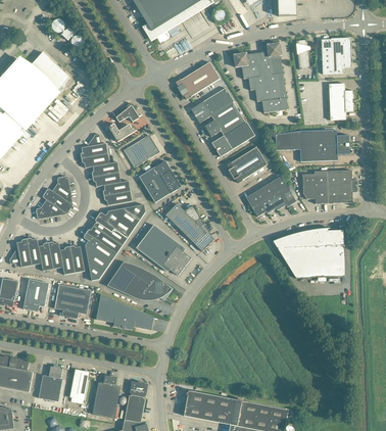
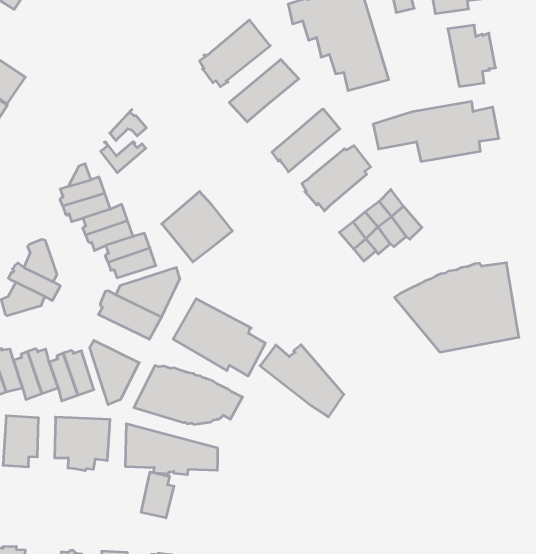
building: [204,102,245,137] -> none
building: [123,135,159,167] -> none
building: [301,170,356,203] -> none
building: [165,203,213,251] -> [260,345,344,417]
building: [83,226,122,258] -> none
building: none -> [141,472,174,518]

